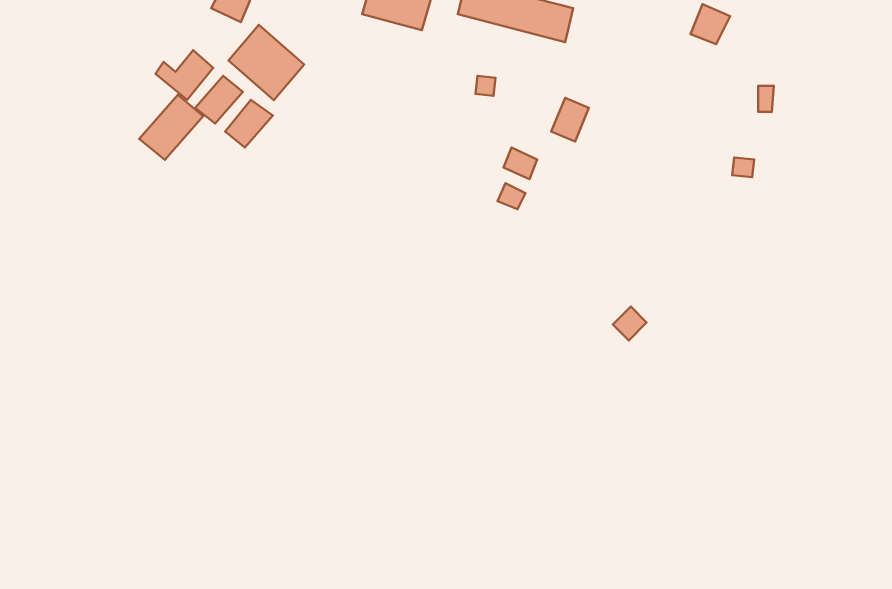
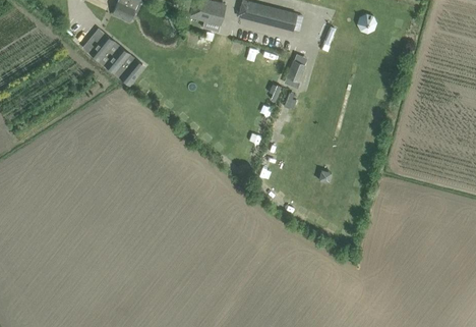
building: [229,25,304,100] -> none
building: [139,95,203,160] -> none

